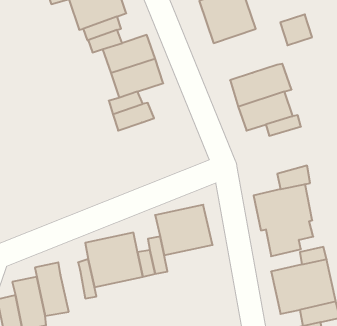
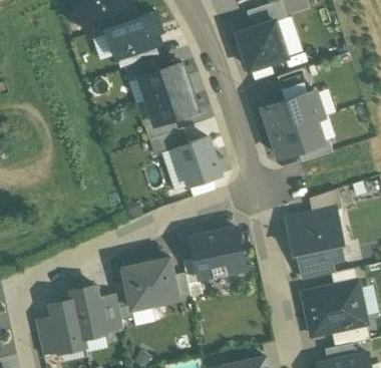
building: [280,14,312,45] -> [278,70,309,100]
building: none -> [176,138,220,186]
building: none -> [97,293,123,333]

